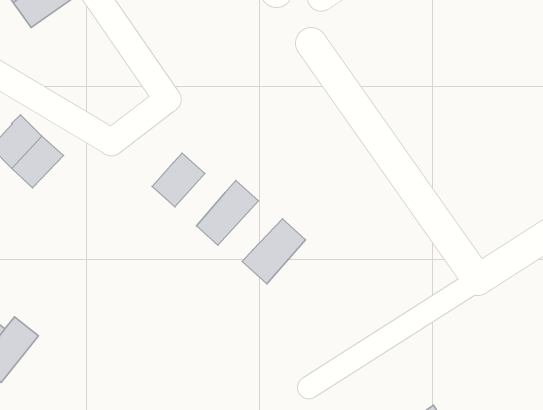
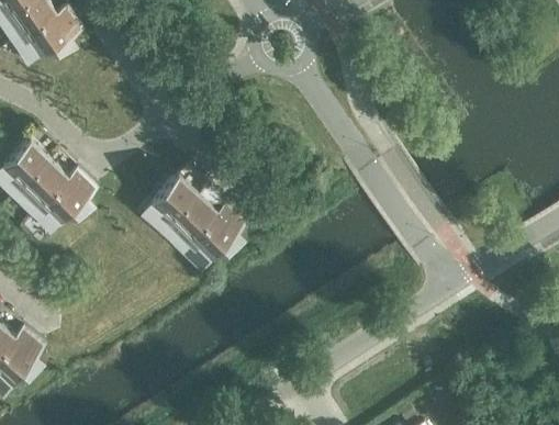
building: none -> [40,170,98,228]
building: none -> [170,197,216,245]
building: [242,219,306,284] -> none

